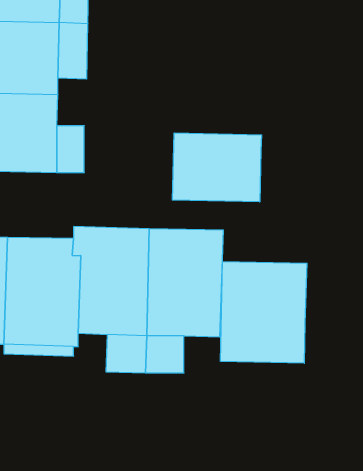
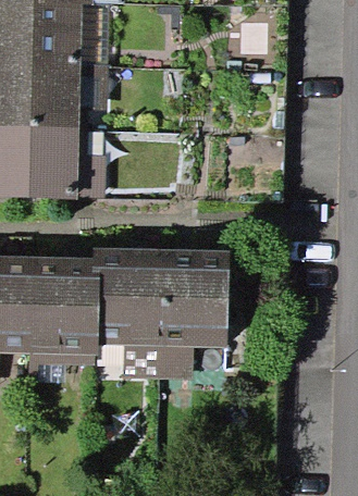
building: [172,133,262,202] -> none
building: [221,261,307,363] -> none

